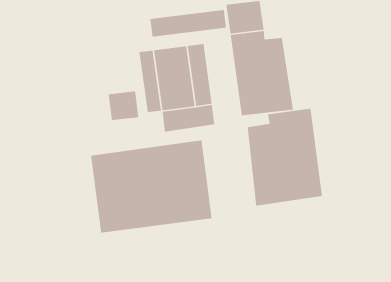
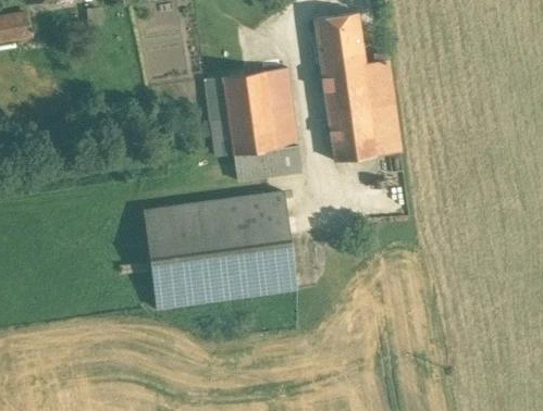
building: [150,9,227,38] -> none
building: [108,91,139,121] -> none
building: [247,108,323,207] -> none

